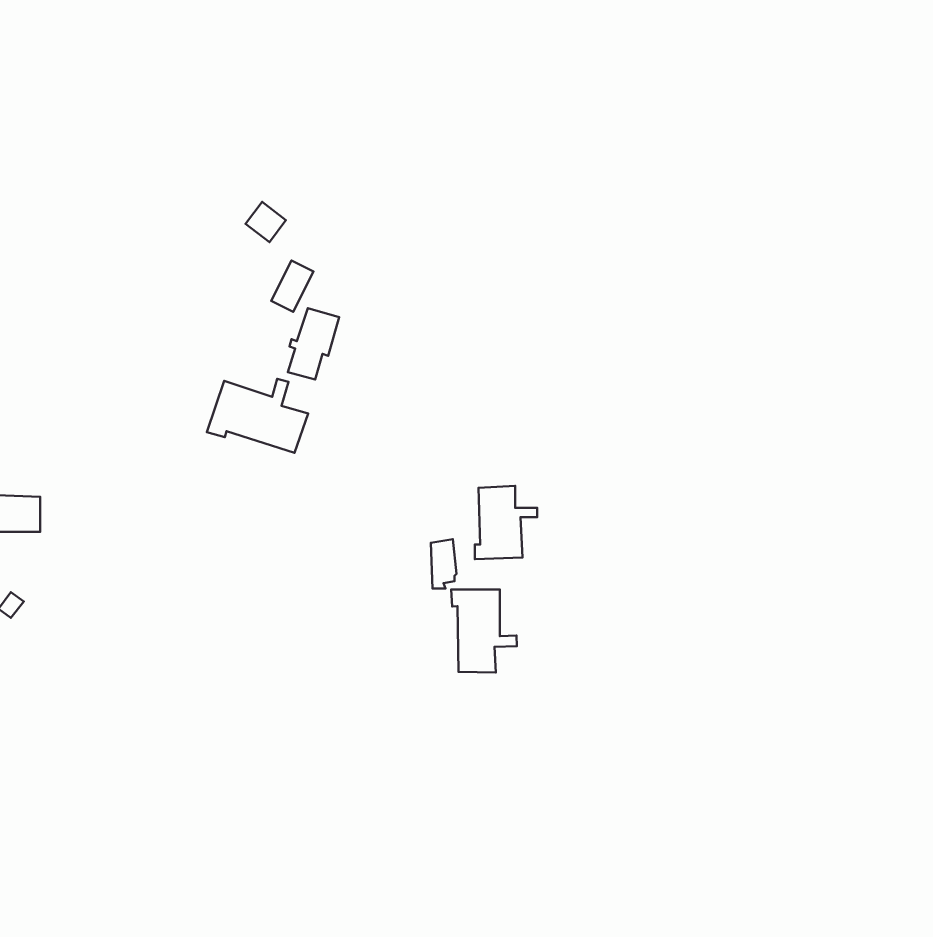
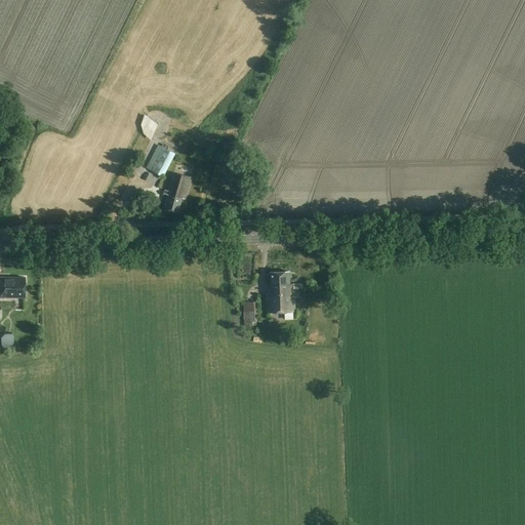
building: [207,379,308,453] -> none
building: [451,589,517,672] -> none

